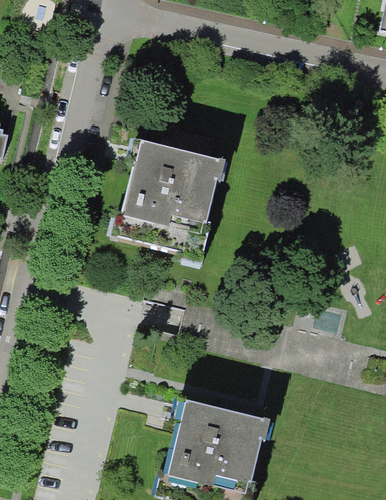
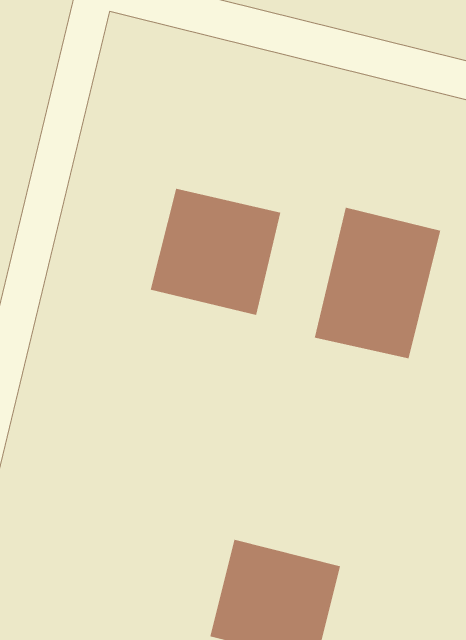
building: none -> [314,207,441,359]

